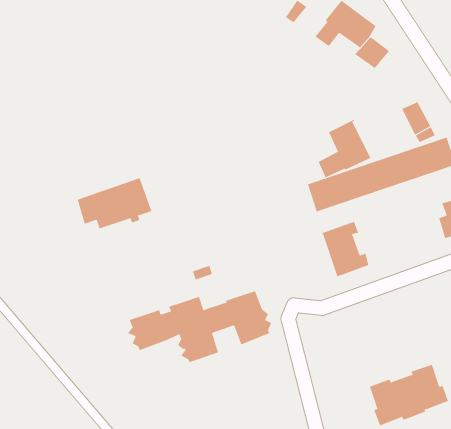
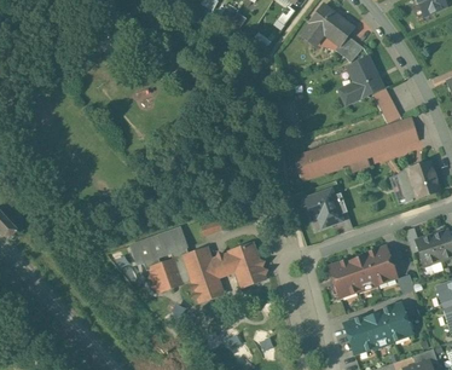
building: [318,119,372,178] -> [340,56,384,104]
building: [77,177,152,229] -> [132,225,193,267]
building: none -> [332,247,398,297]

